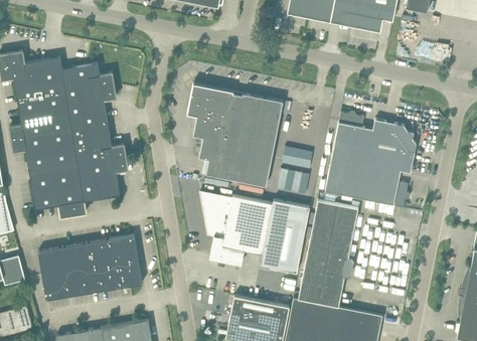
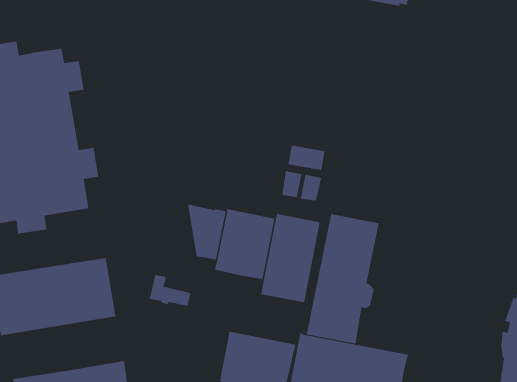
building: [187,83,283,186] -> none
building: [325,112,417,208] -> none
building: [209,236,245,265] -> [148,274,191,309]

